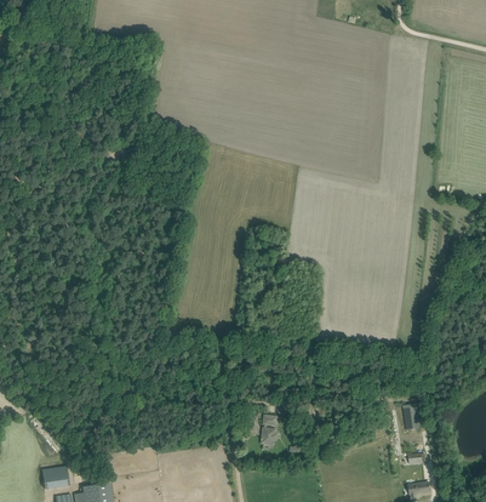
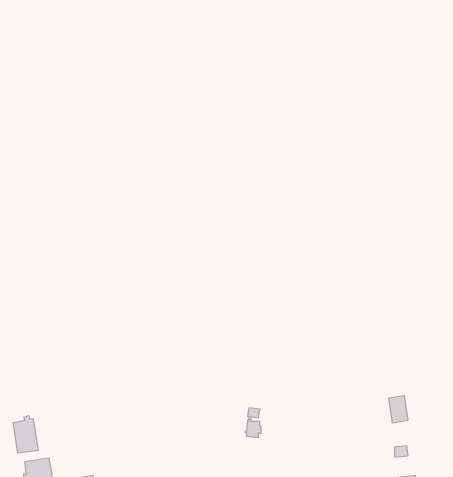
building: none -> [13,416,38,453]

